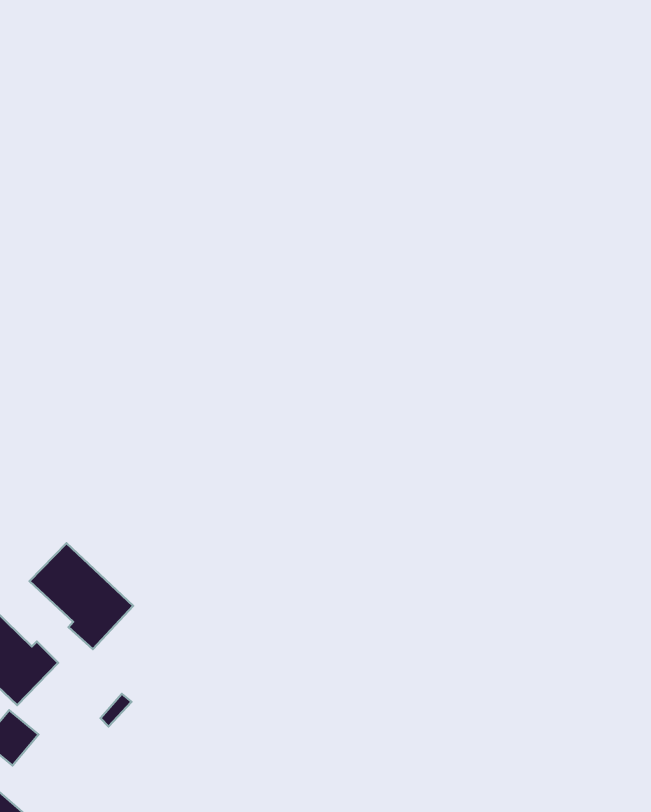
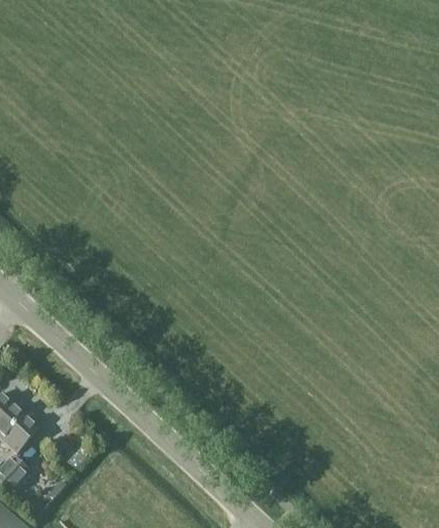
building: [29,543,133,649] -> none

